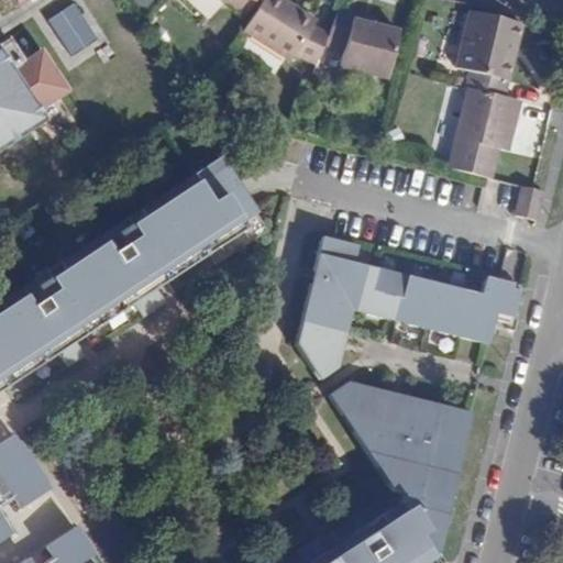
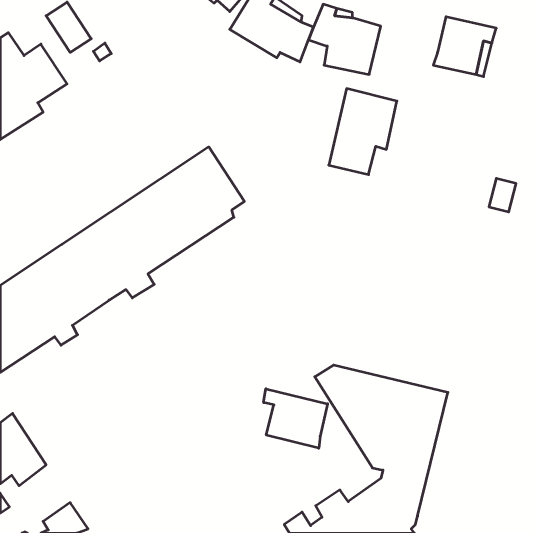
building: [450,86,521,176] -> [329,89,397,175]
building: [296,236,519,377] -> none
building: none -> [264,389,328,448]

